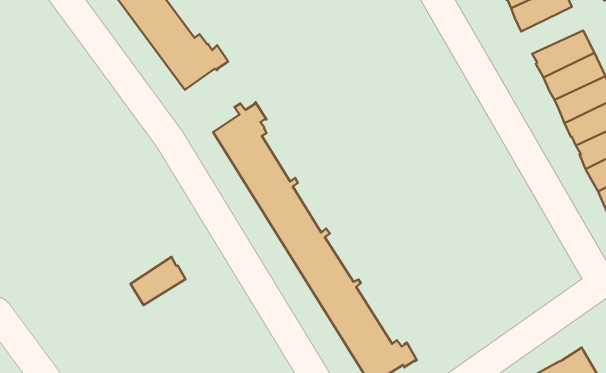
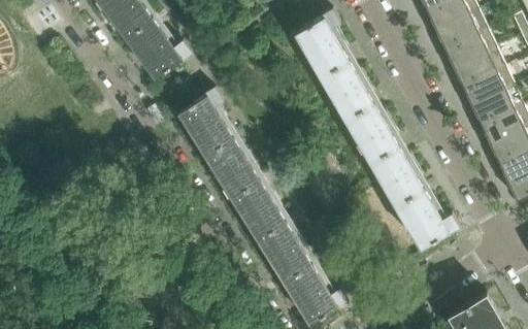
building: none -> [295,9,459,248]
building: none -> [434,9,486,48]
building: [130,257,186,305] -> none

